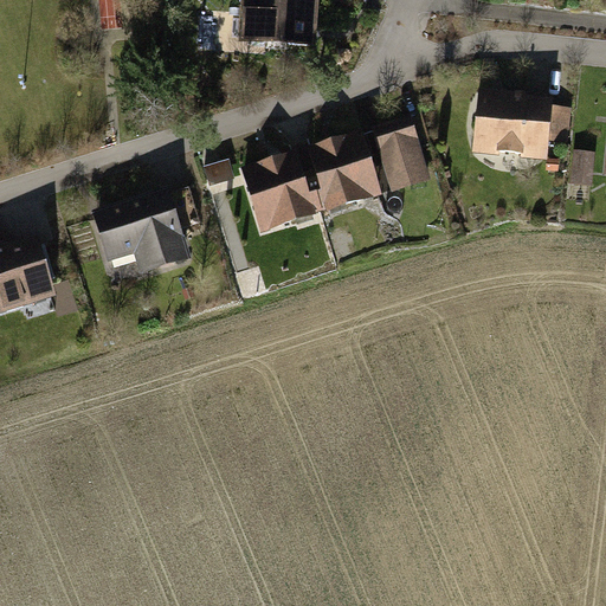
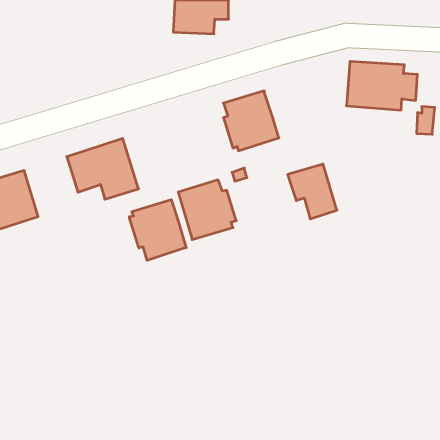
building: [361,115,428,189] -> [288,164,337,219]
building: [239,150,318,232] -> [178,180,236,240]
building: none -> [129,200,186,260]

